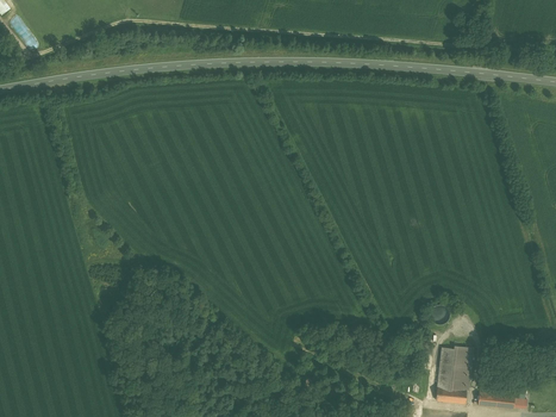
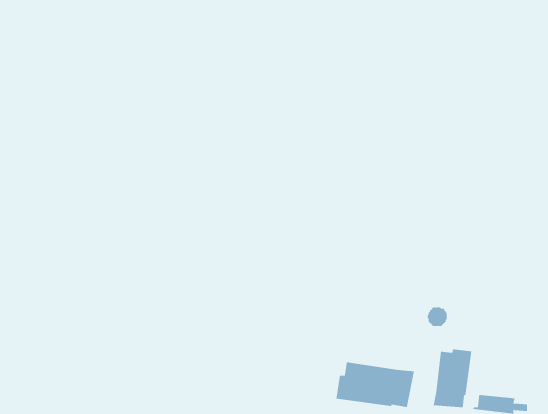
building: none -> [336,361,414,408]

